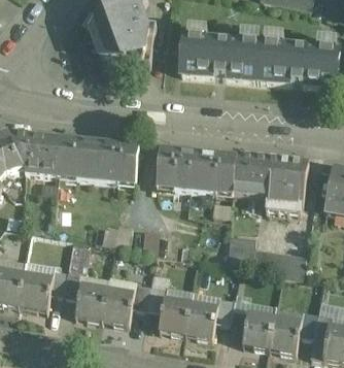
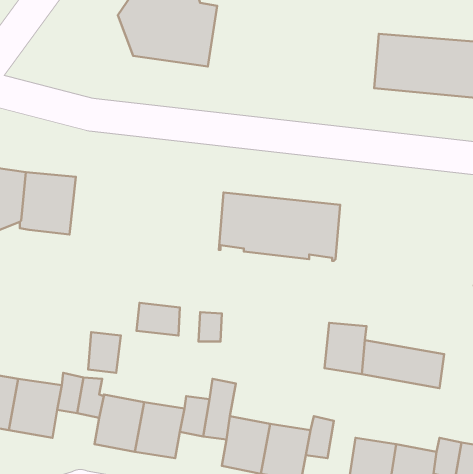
building: [180,35,262,78] -> none
building: [57,137,138,182] -> none
building: [233,156,307,212] -> none

